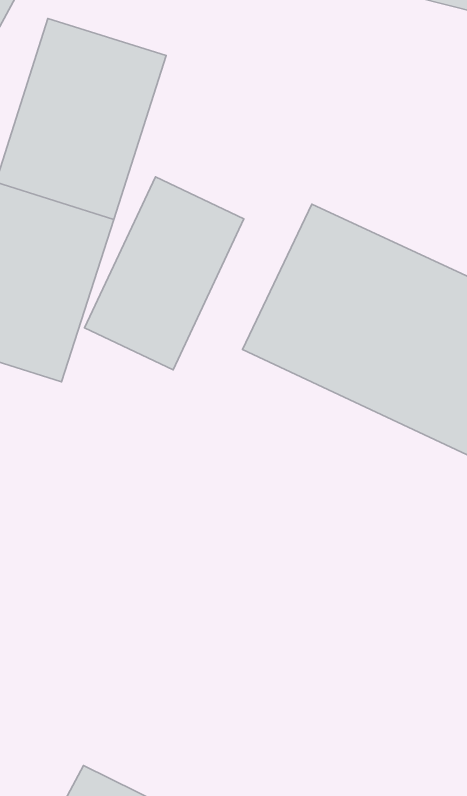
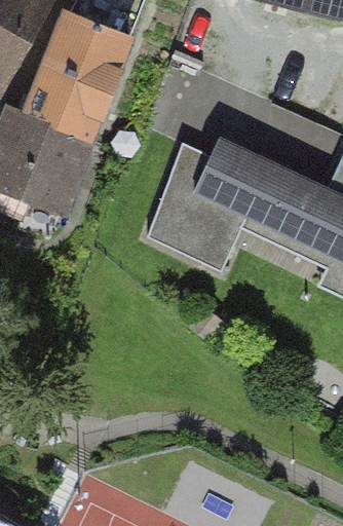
building: [85,177,244,370] -> none

